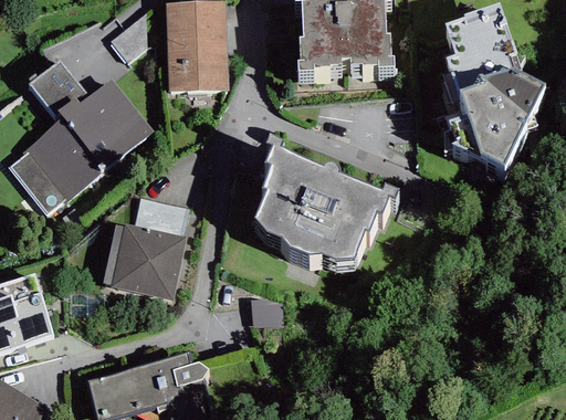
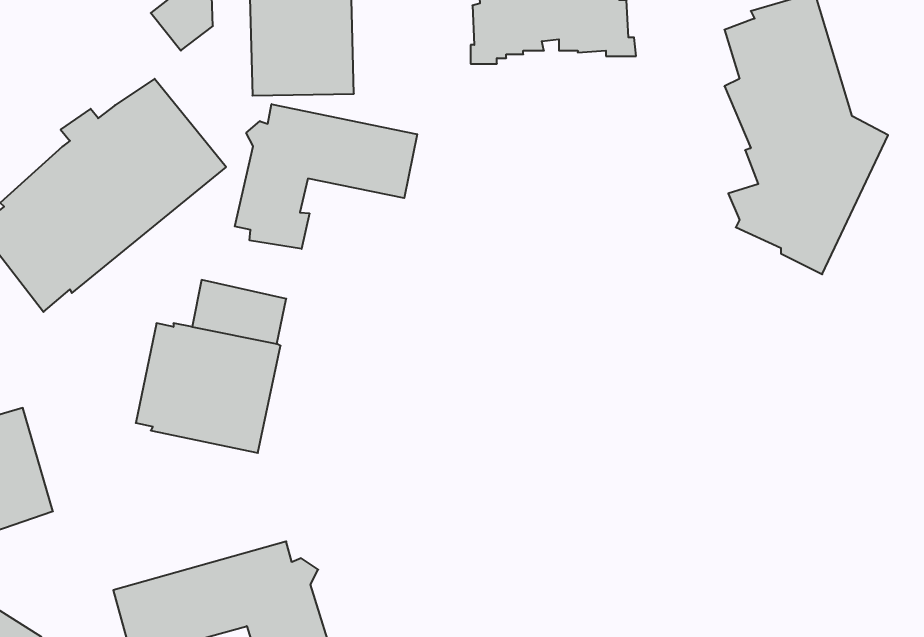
building: [27,59,88,119] -> none
building: none -> [235,104,417,249]
building: [252,149,398,276] -> none

